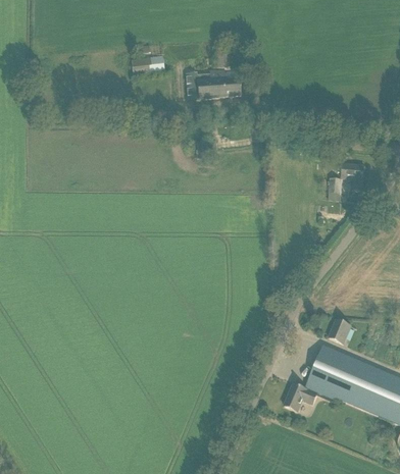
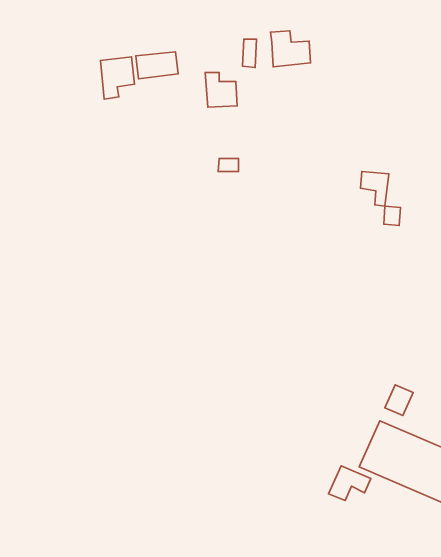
building: none -> [101,57,135,99]
building: [208,68,240,97] -> [271,31,310,67]
building: [341,162,363,190] -> [361,171,389,206]

